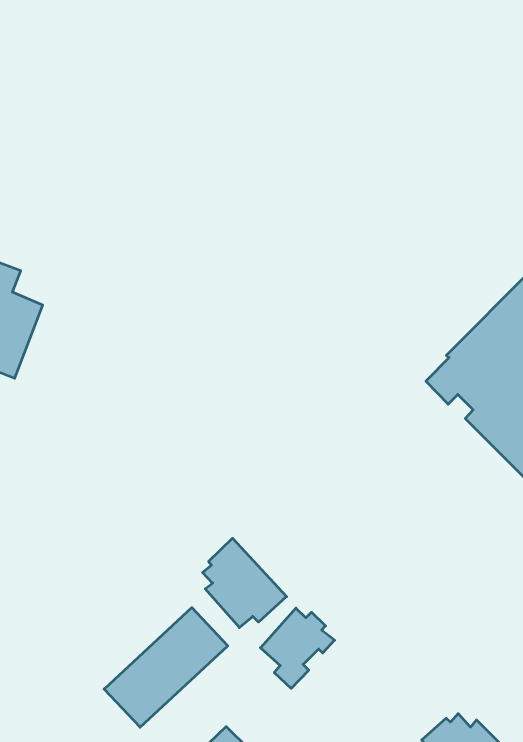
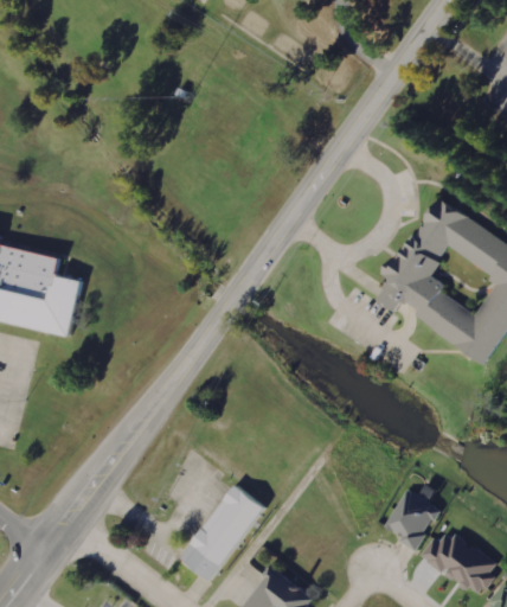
building: [203,538,287,628] -> none
building: [260,608,335,688] -> [385,490,438,549]

